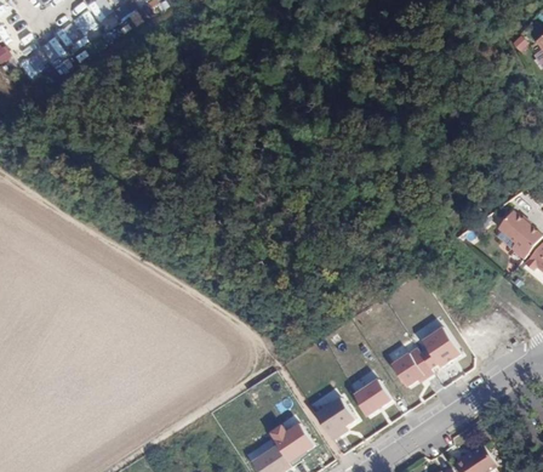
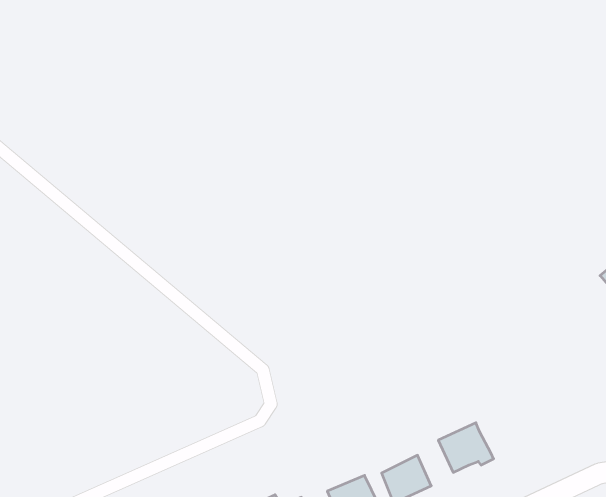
building: [421,328,461,369] -> none

